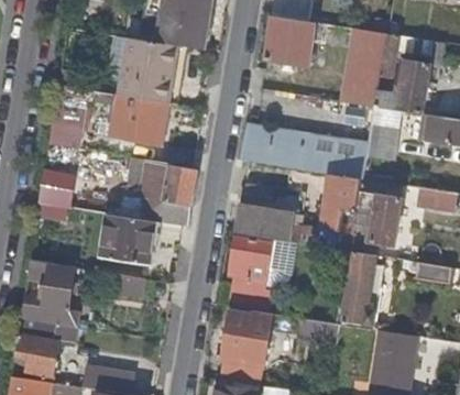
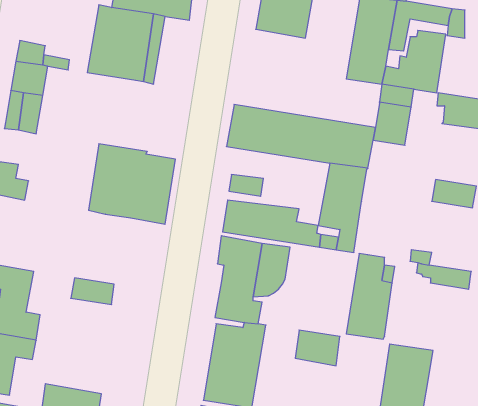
building: [117,96,162,145] -> none
building: [350,182,402,253] -> none
building: [100,213,157,265] -> none

